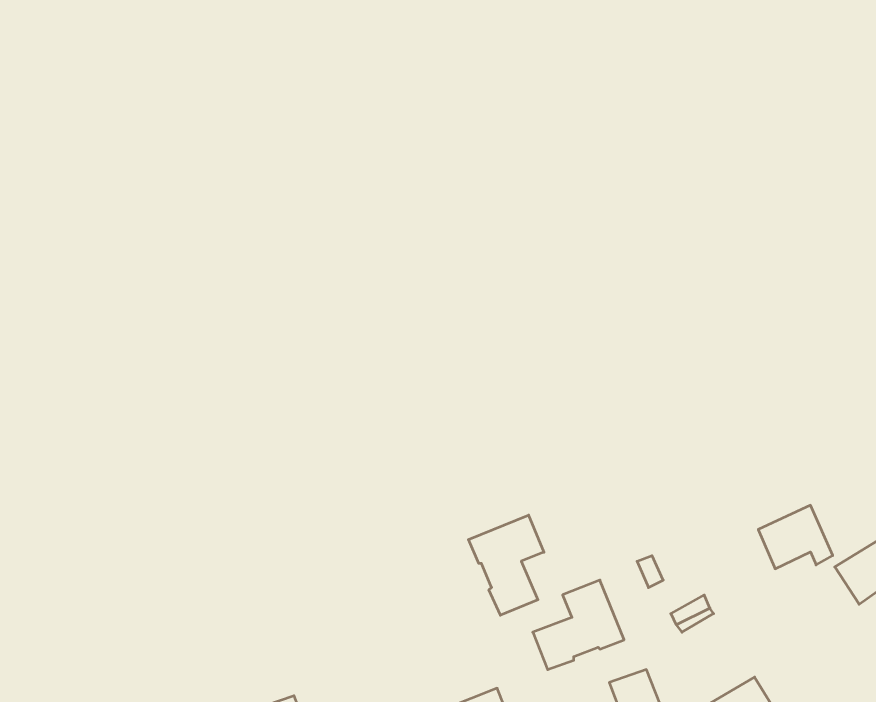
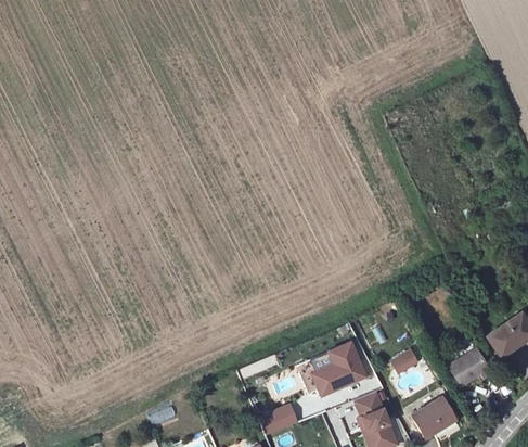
building: [758,505,833,569] -> [448,348,491,385]
building: [468,515,544,615] -> none

